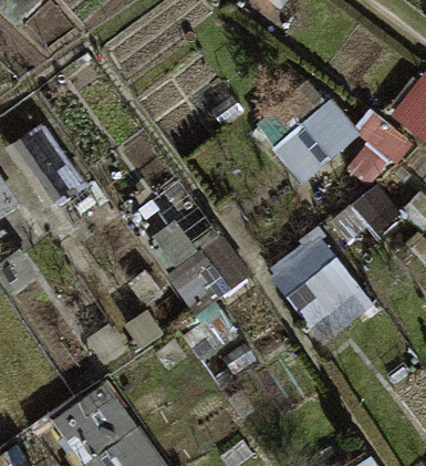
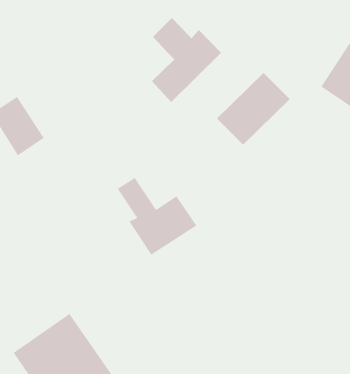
building: none -> [151,17,222,103]
building: [269,236,376,346] -> none

